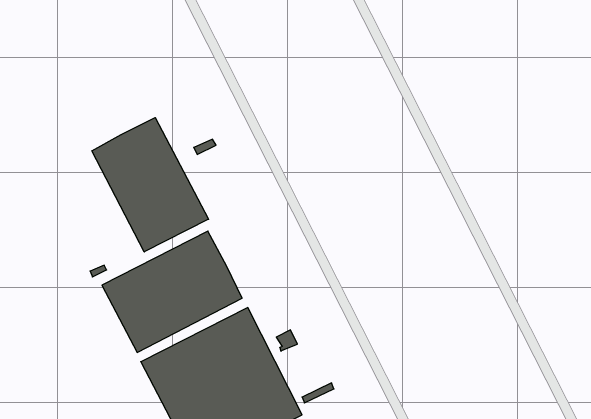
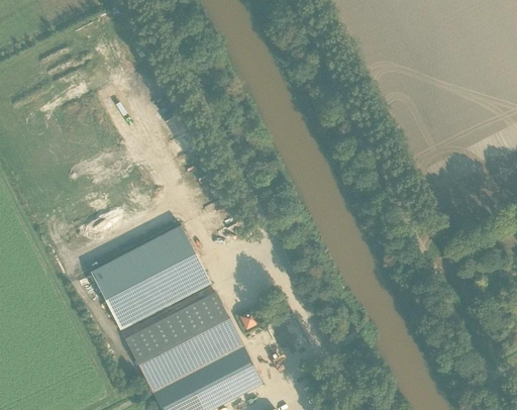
building: [92,118,209,252] -> none

